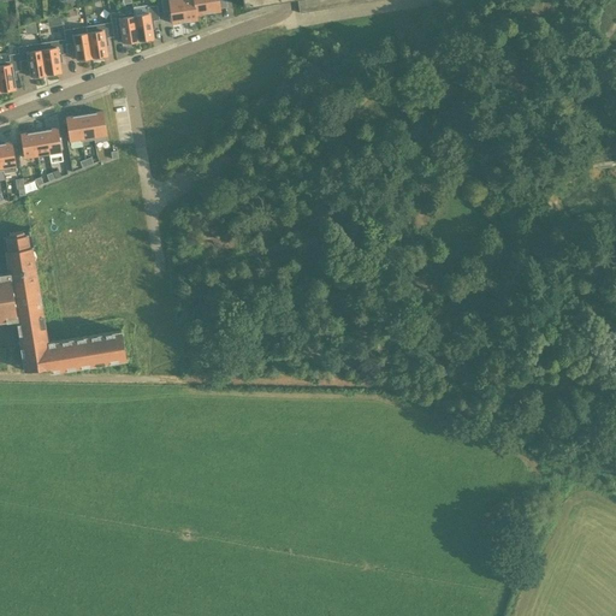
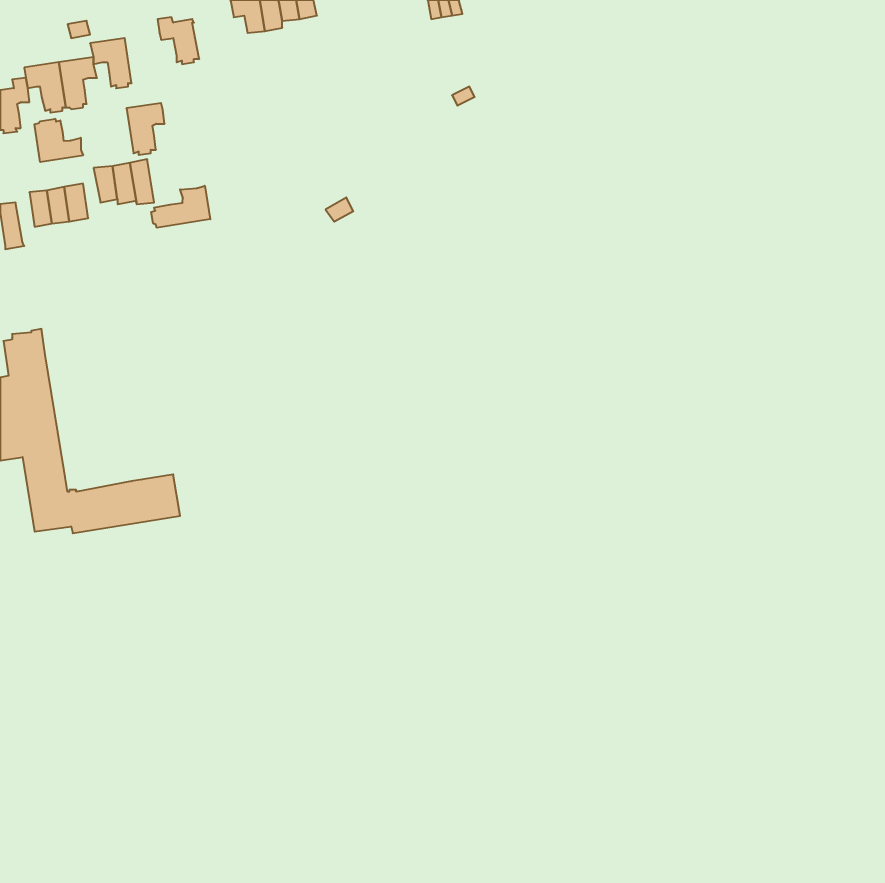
building: [134,7,159,43] -> none
building: [87,24,113,60] -> [126,103,165,155]
building: none -> [34,119,83,162]
building: none -> [151,186,210,228]

